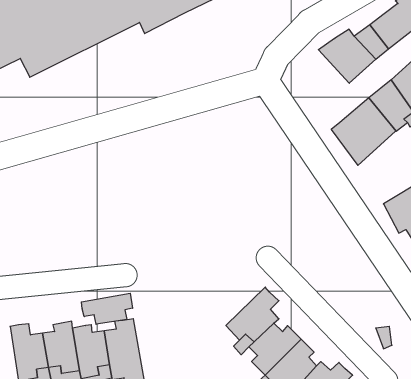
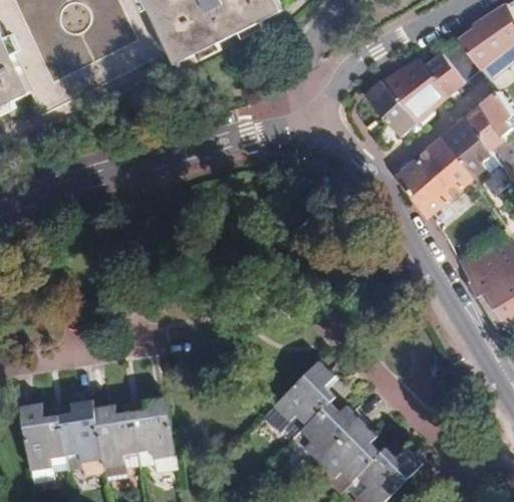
building: none -> [364,80,418,136]
building: [81,293,133,324] -> none

